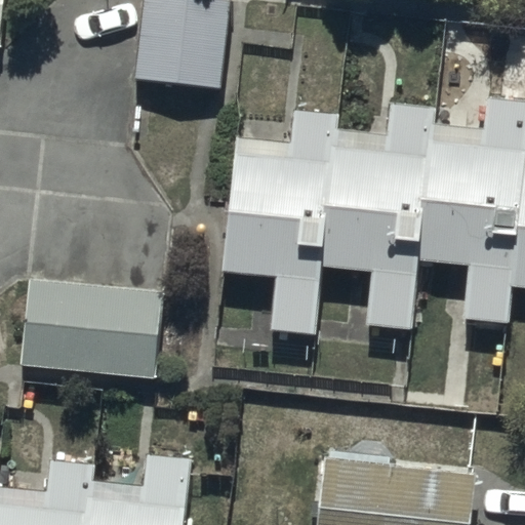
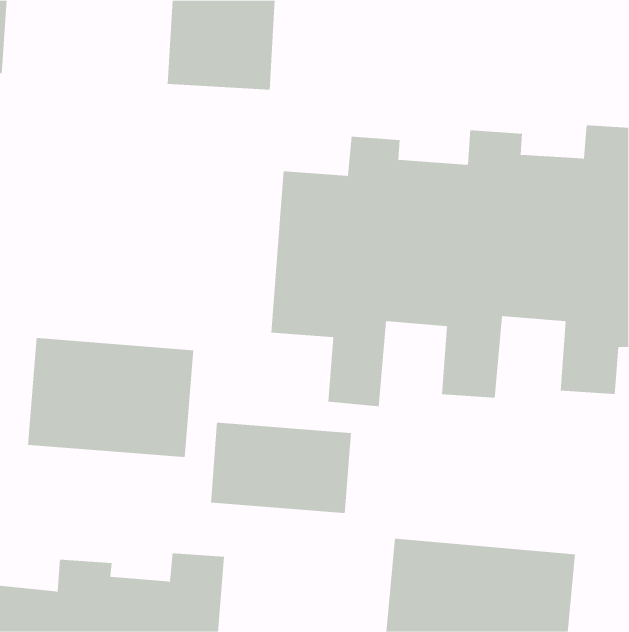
building: none -> [210,422,351,514]

